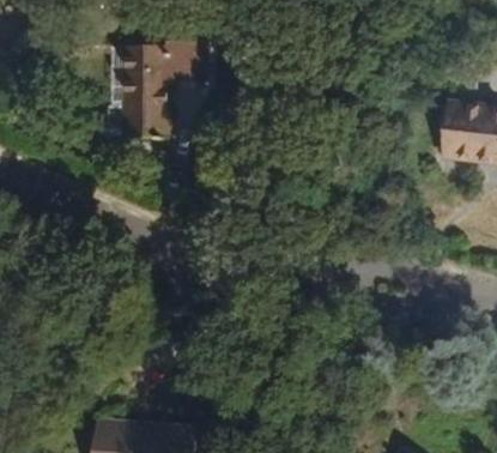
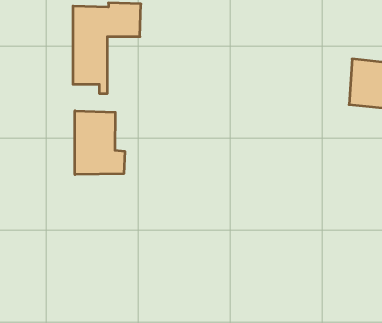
building: none -> [75,111,125,175]

